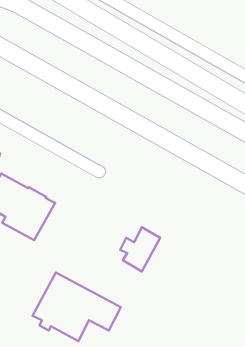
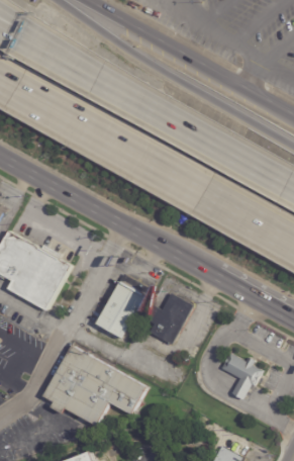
building: none -> [96,274,146,338]
building: none -> [219,353,260,399]

